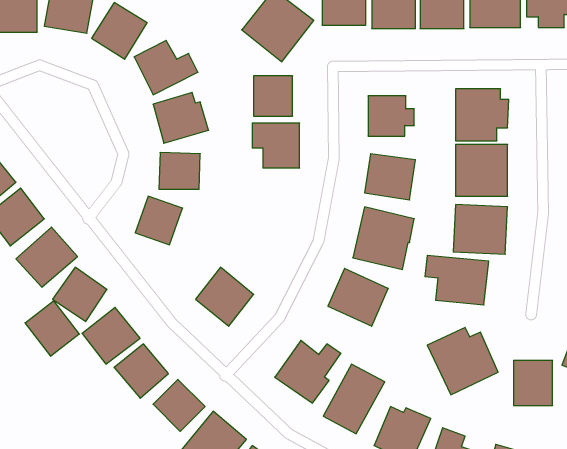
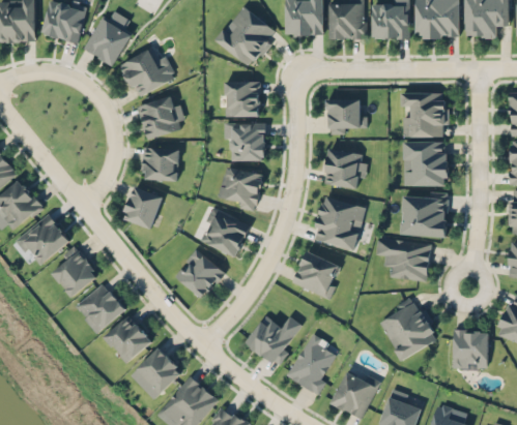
building: none -> [219,166,262,211]
building: none -> [198,208,250,256]
building: [25,301,79,356] -> none

